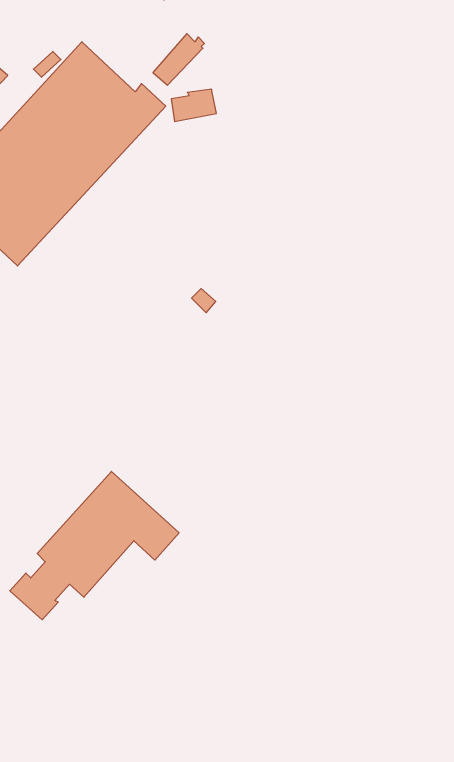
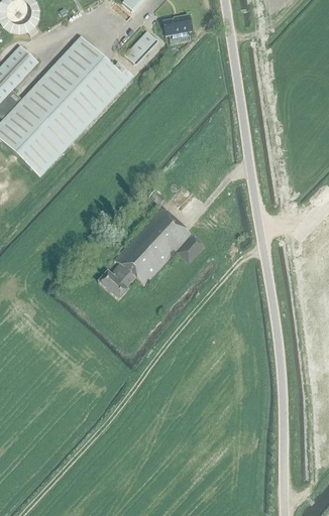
building: [171,89,216,122] -> [163,14,192,34]
building: [10,471,179,620] -> [98,206,204,298]

